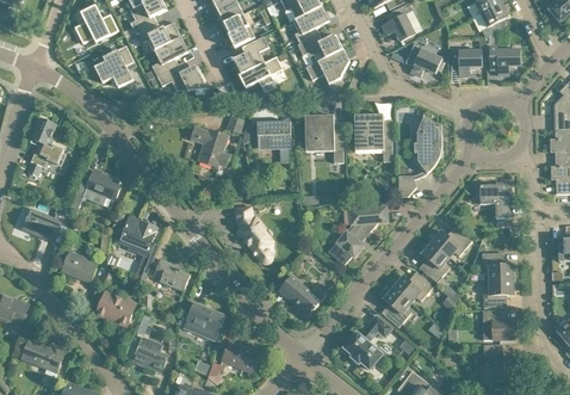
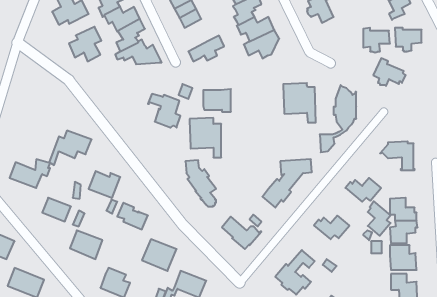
building: [231,36,268,75] -> none
building: [404,42,444,75] -> [373,58,406,86]
building: [304,115,342,162] -> [190,118,221,157]
building: [27,117,63,175] -> none
building: [421,240,448,282] -> [368,201,391,236]
building: [383,285,410,327] -> none

